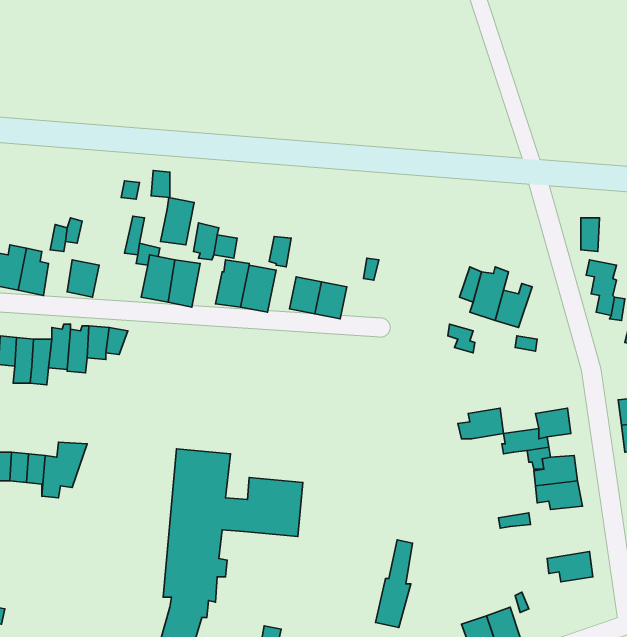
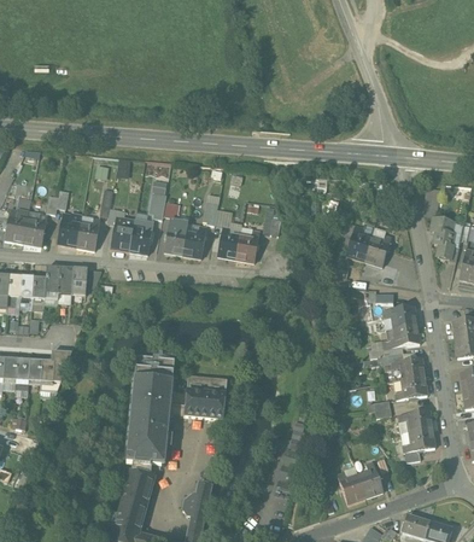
building: [161,197,194,245] -> [76,215,100,249]
building: [458,408,503,439] -> [384,308,416,330]
building: none -> [399,410,432,433]

